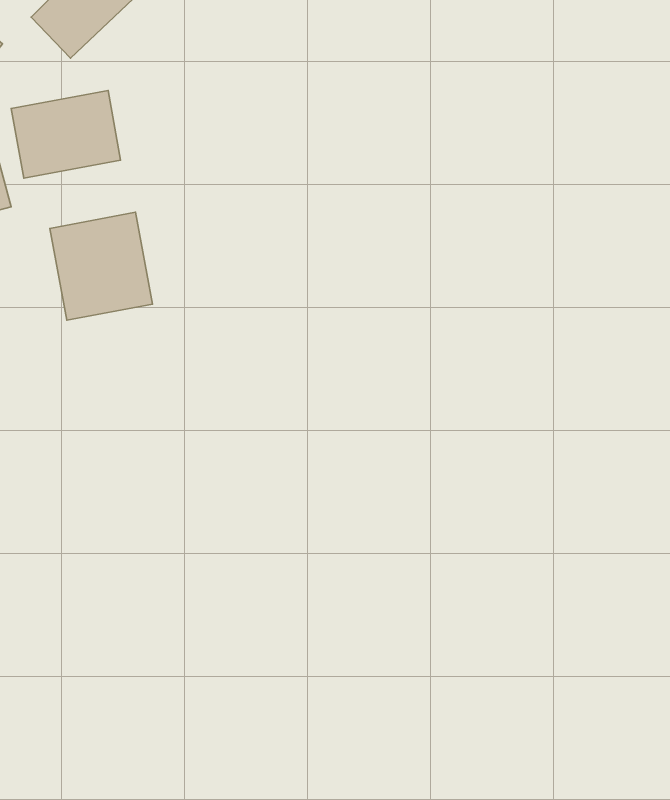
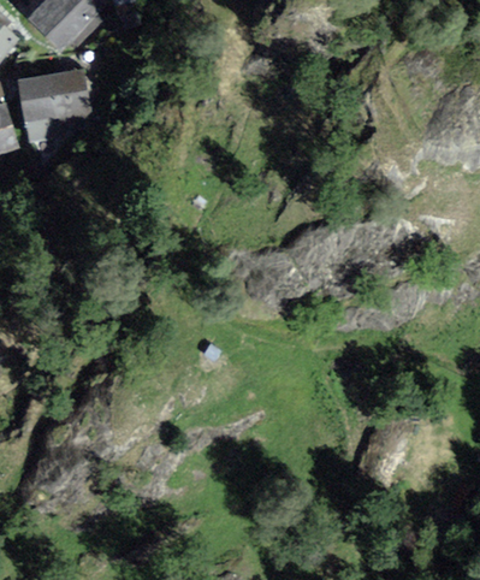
building: [50,212,153,320] -> none

